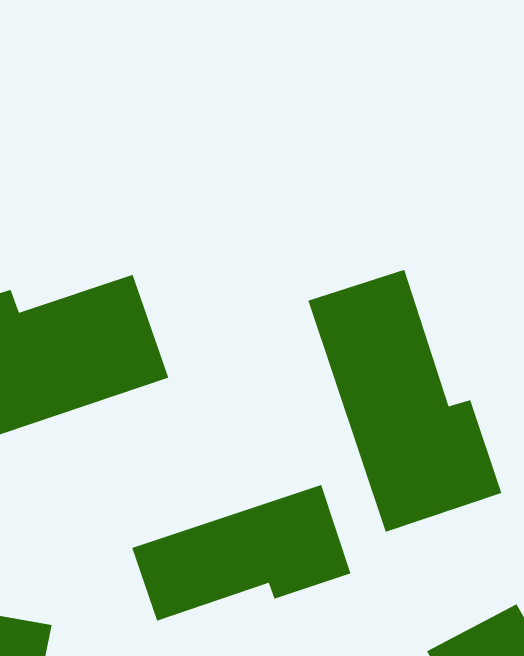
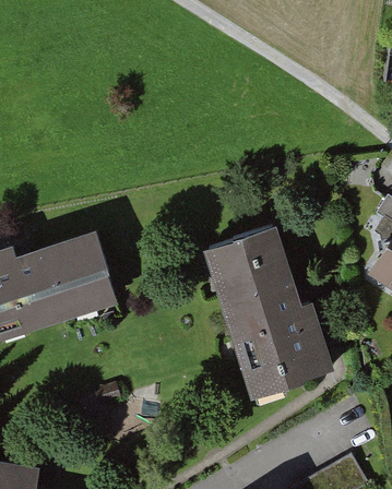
building: [131,484,351,621] -> none

